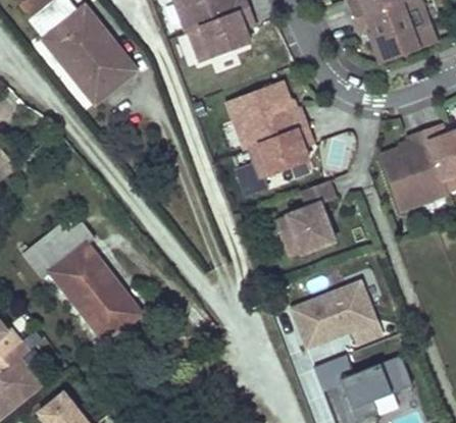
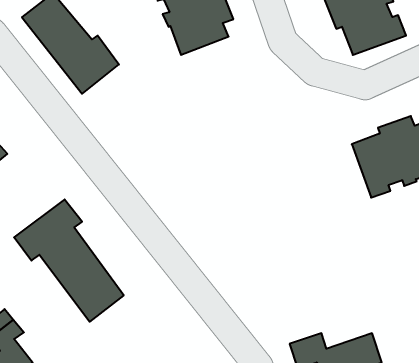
building: [226,78,313,178] -> none
building: [276,180,336,258] -> none
building: [289,275,387,365] -> none

